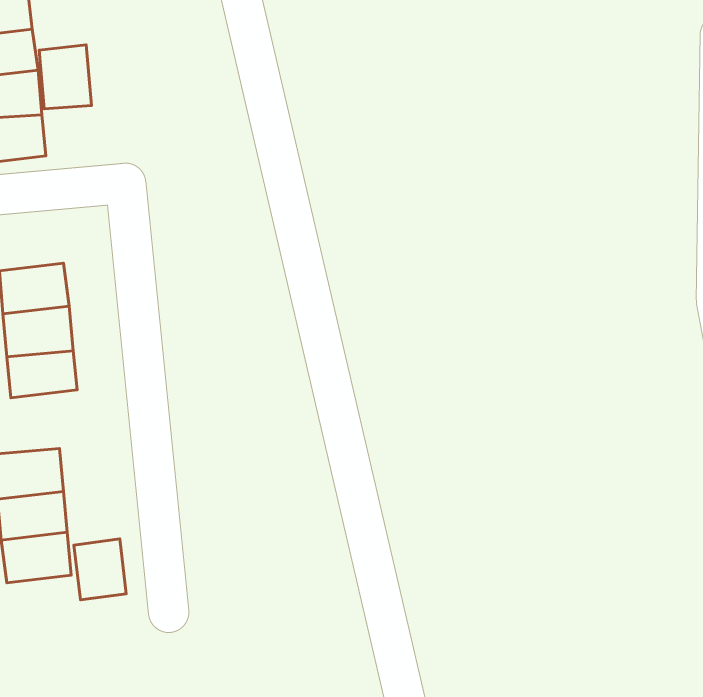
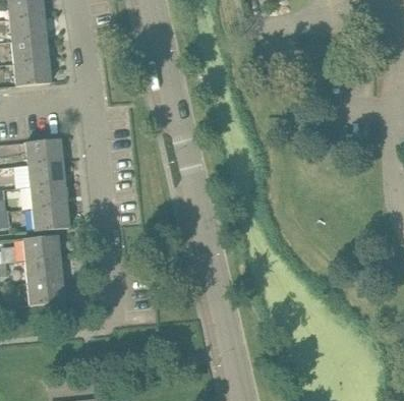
building: [39,45,92,109] -> none
building: none -> [32,205,68,231]
building: [74,539,126,600] -> none

